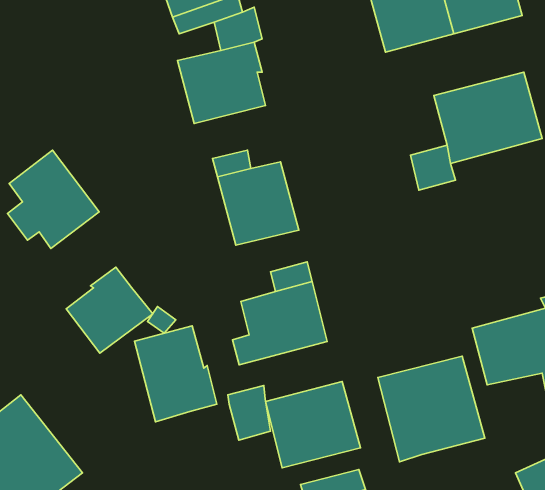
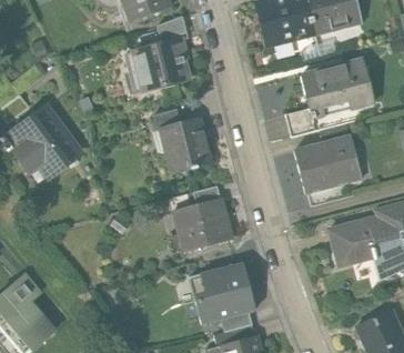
building: none -> [294,134,361,193]
building: [66,267,153,353] -> none
building: [134,326,217,422] -> none
building: [378,356,485,462] -> none
building: [228,385,271,440] -> none

